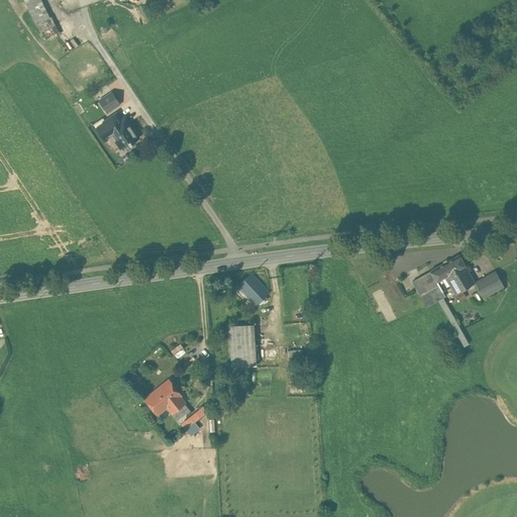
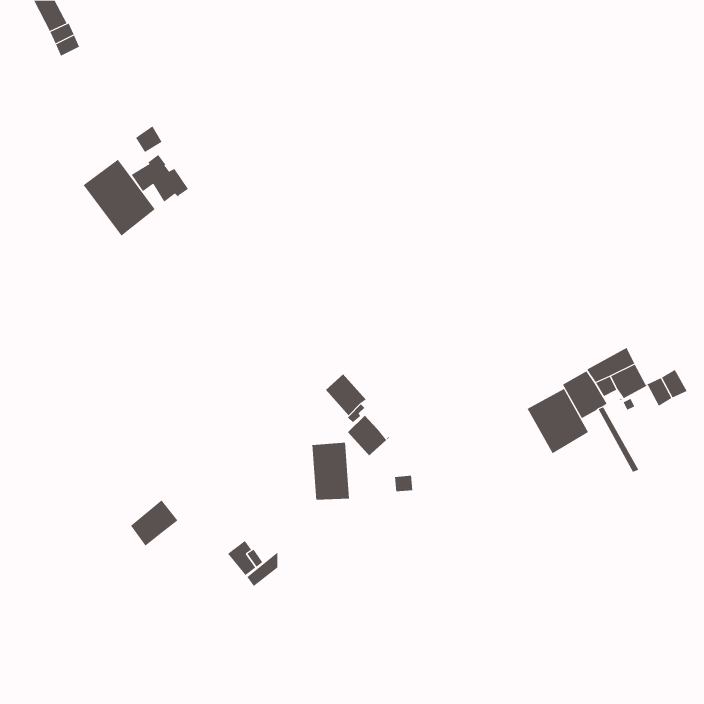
building: none -> [83,159,156,236]
building: none -> [527,388,589,454]
building: none -> [347,415,390,457]
building: [145,380,181,414] -> [130,500,178,546]

